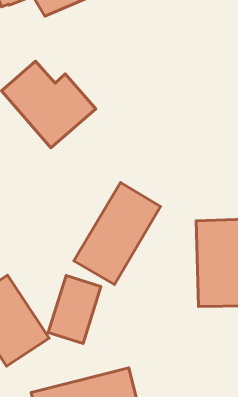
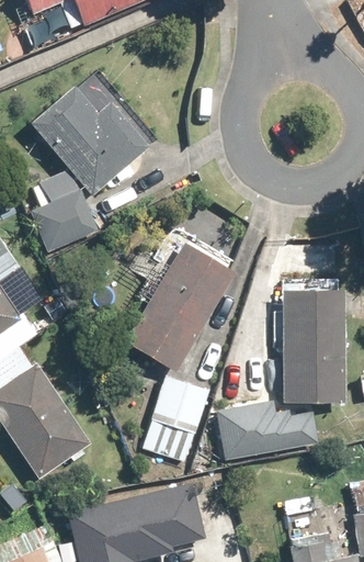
building: none -> [33,190,101,252]
building: [48,276,101,344] -> [144,375,212,463]
building: none -> [224,397,325,454]

